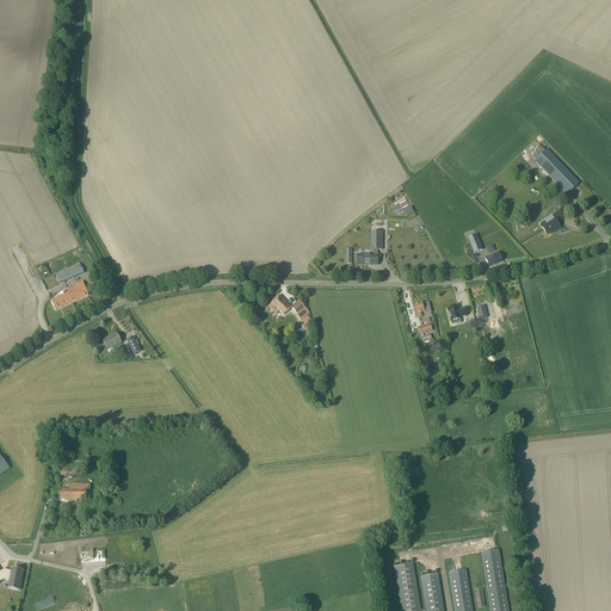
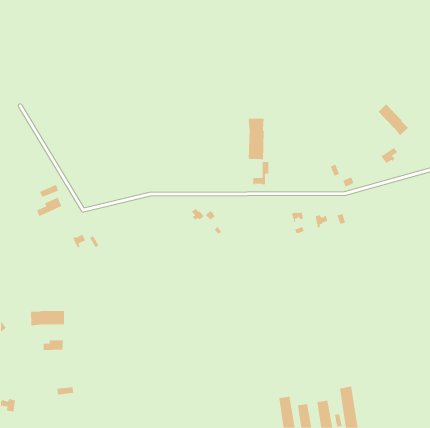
building: none -> [248,118,264,160]
building: none -> [30,310,64,327]

